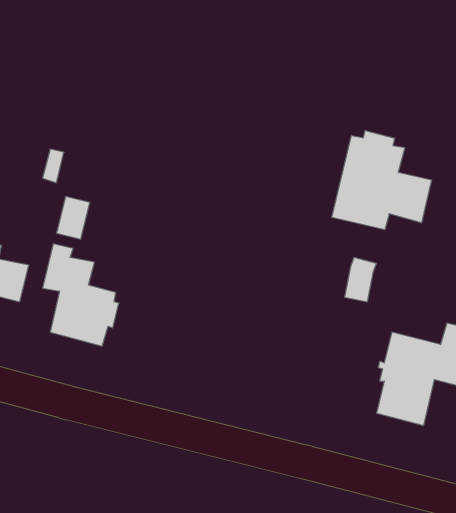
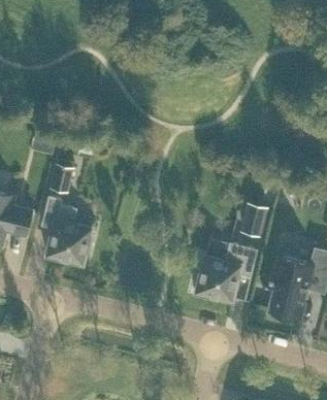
building: [332,131,431,230] -> none
building: none -> [194,242,258,301]

